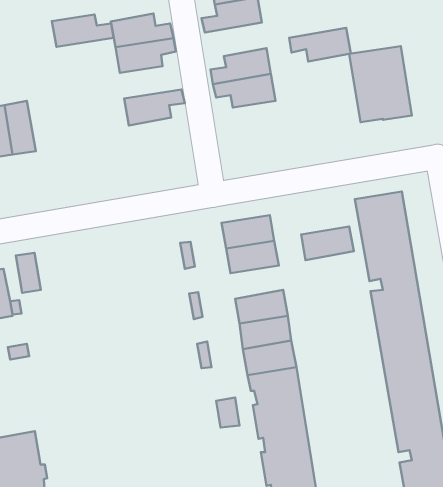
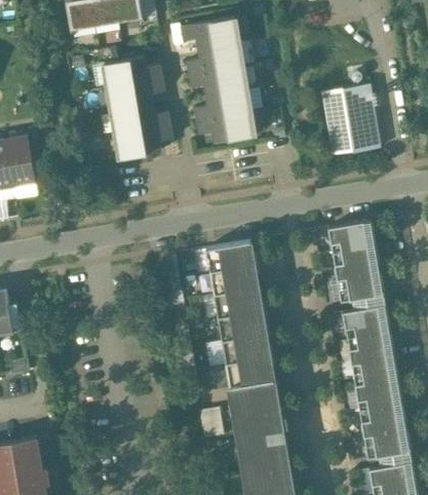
building: [52,14,113,47] -> [112,105,168,135]
building: [289,28,351,61] -> [190,65,246,96]
building: [301,227,354,260] -> [213,288,262,318]
building: [16,253,41,293] -> none

